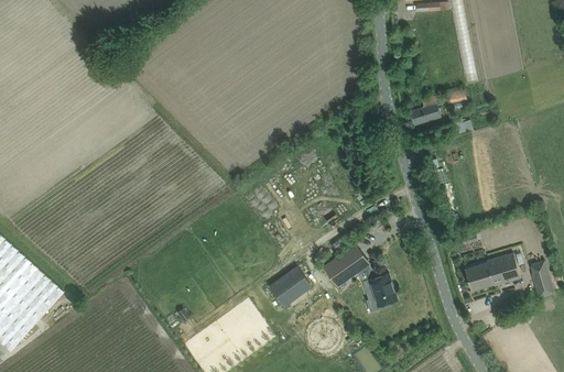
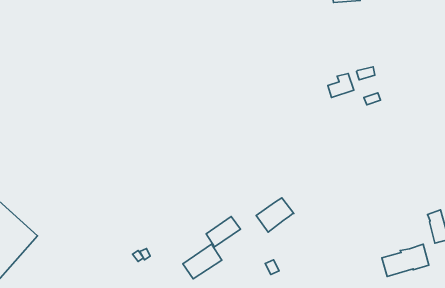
building: [464,252,520,291] -> [382,244,429,276]
building: [362,264,397,310] -> none
building: none -> [183,244,222,279]

